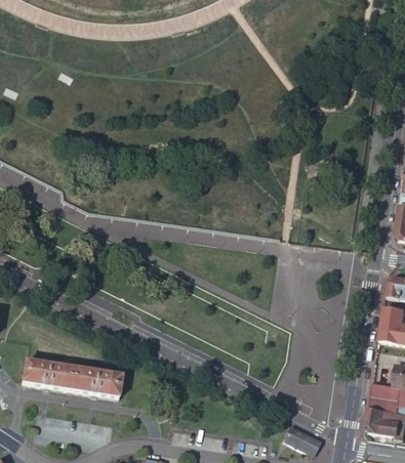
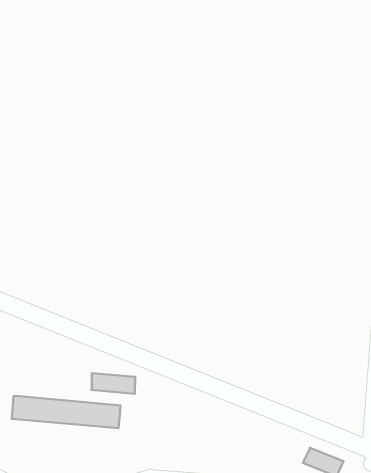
building: none -> [91,373,135,394]

